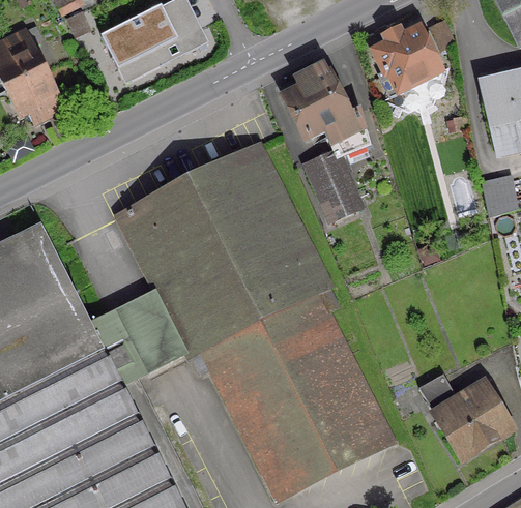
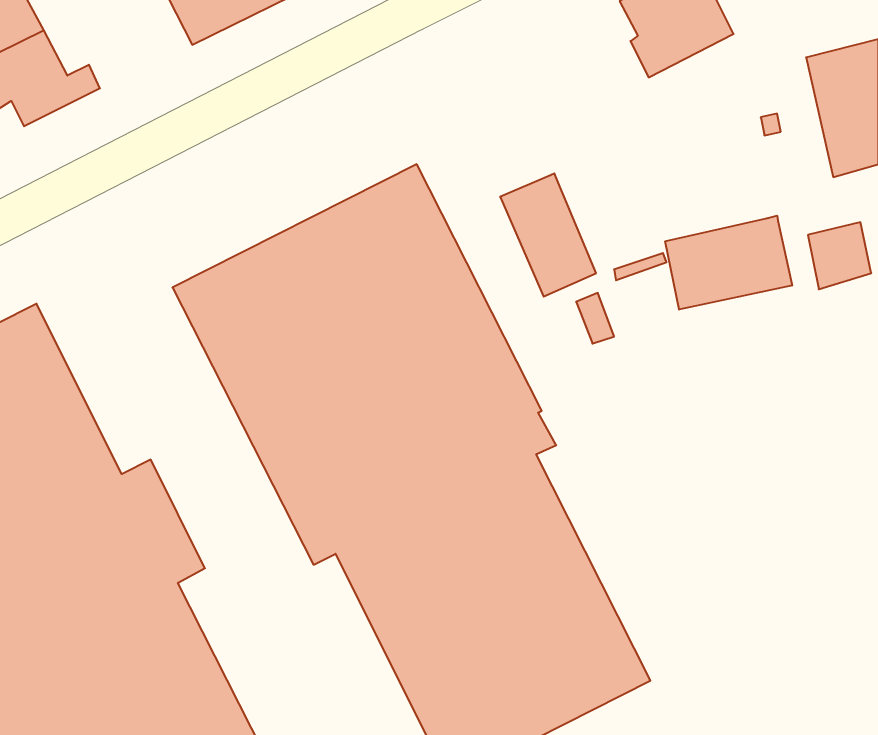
building: [279,64,366,154] -> none
building: none -> [665,216,792,310]
building: [416,372,510,457] -> none

